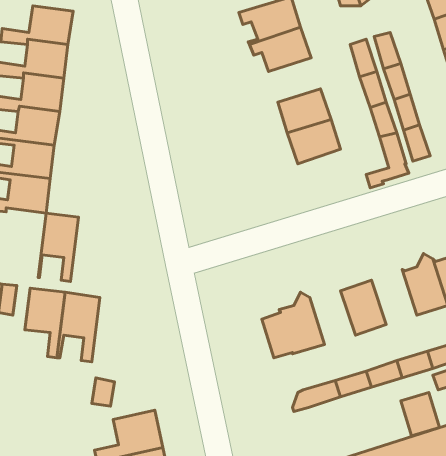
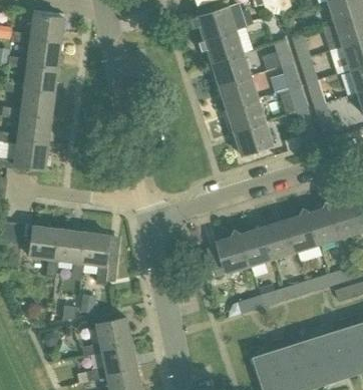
building: none -> [212,52,251,85]
building: none -> [234,120,274,155]
building: [38,213,78,282] -> [79,232,109,283]
building: none -> [289,207,323,252]
building: none -> [243,227,277,267]
building: [401,392,440,436] -> none

